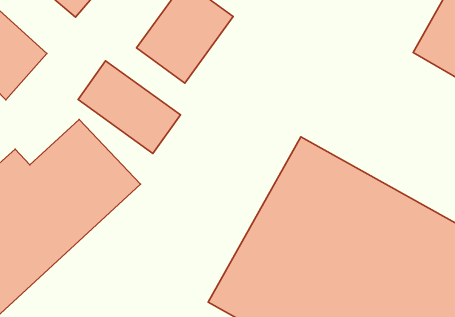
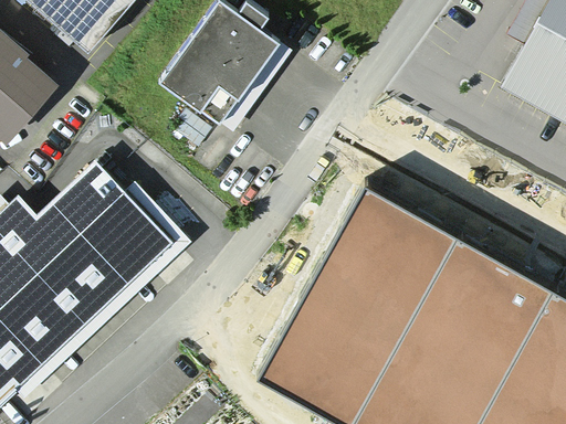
building: [78,61,180,154] -> none

